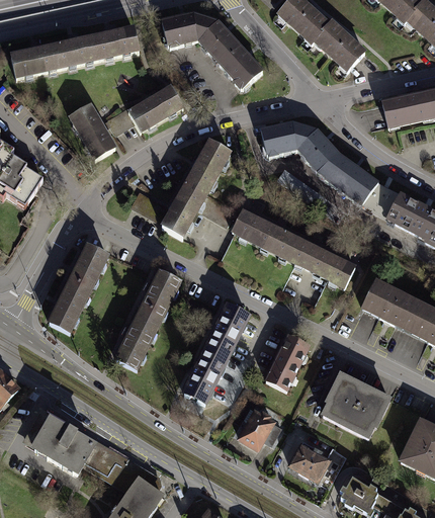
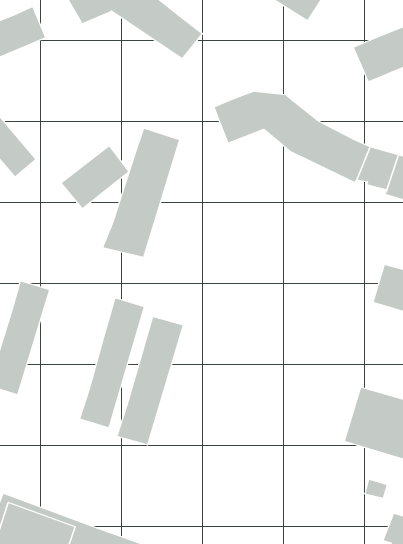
building: [128,83,184,130] -> [61,145,129,209]
building: [230,207,354,287] -> none
building: [181,303,249,404] -> [117,316,183,445]
building: [264,333,311,391] -> none
building: [238,409,273,450] -> none
building: [288,442,330,481] -> none

